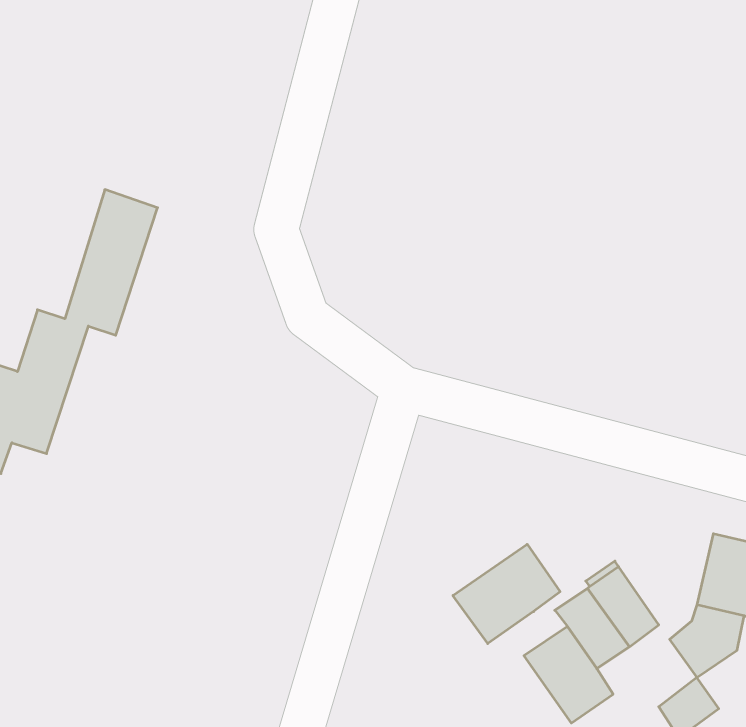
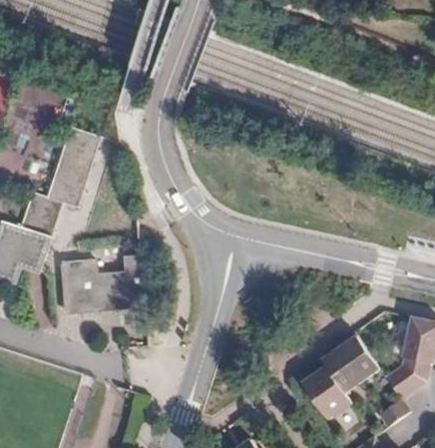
building: none -> [61,256,146,313]
building: [453,544,560,644] -> none

